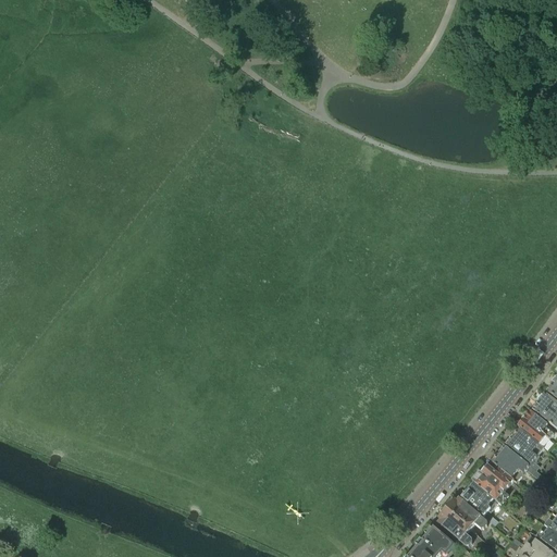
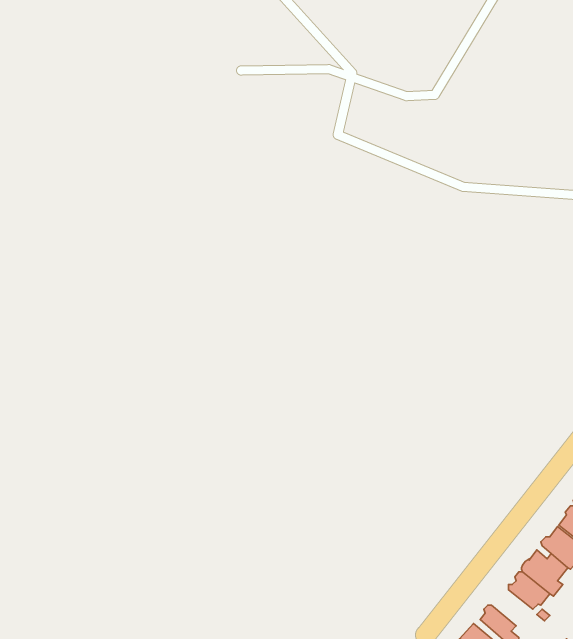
building: [449,498,487,529] -> none

